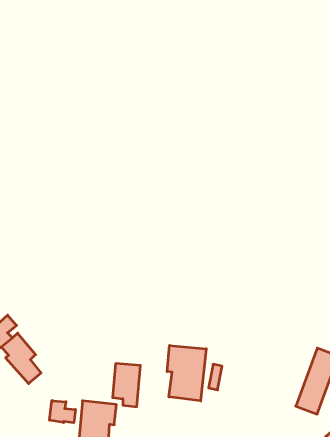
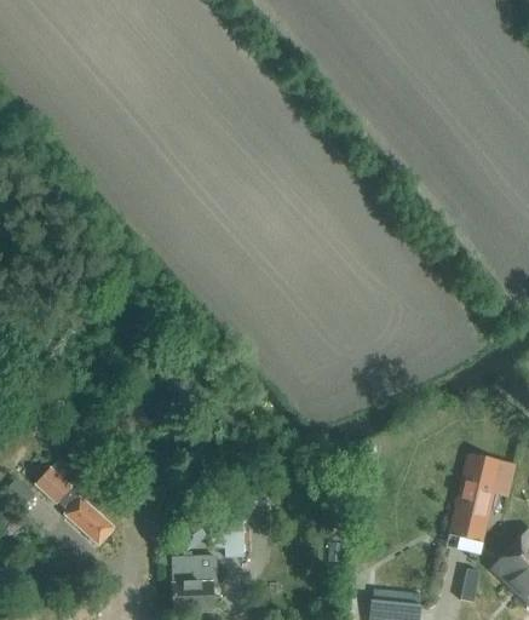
building: [167,345,206,401] -> none
building: [50,401,75,423] -> none

